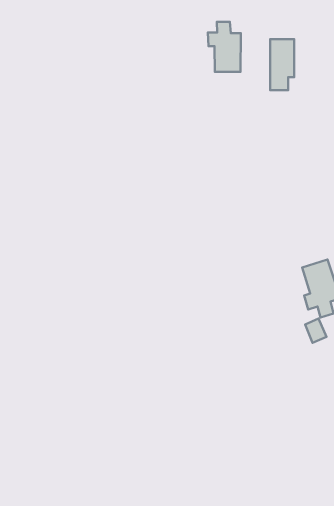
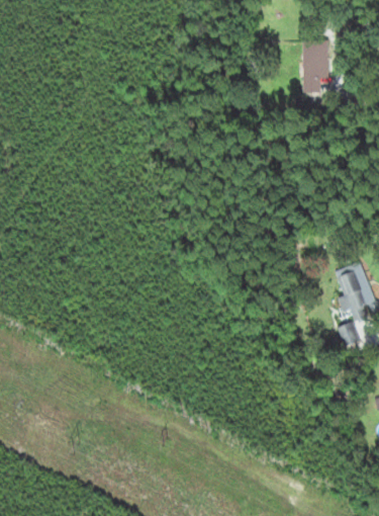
building: [208,22,241,72] -> none

